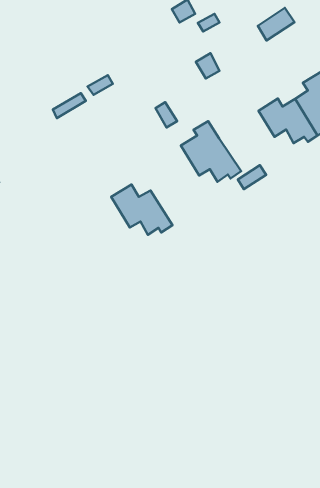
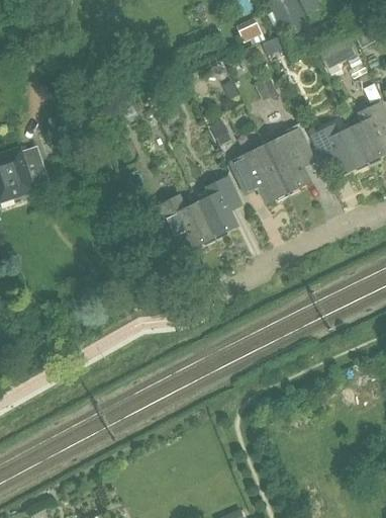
building: none -> [262,123,314,193]
building: none -> [198,178,242,240]

